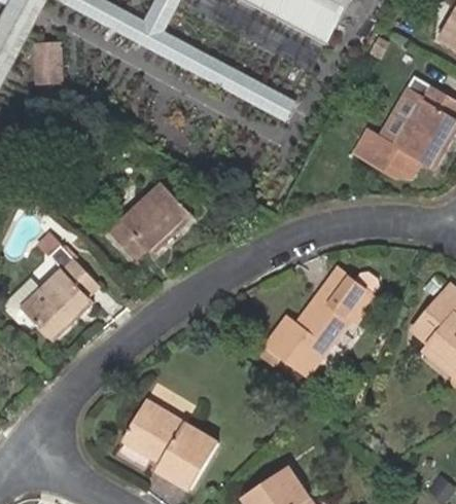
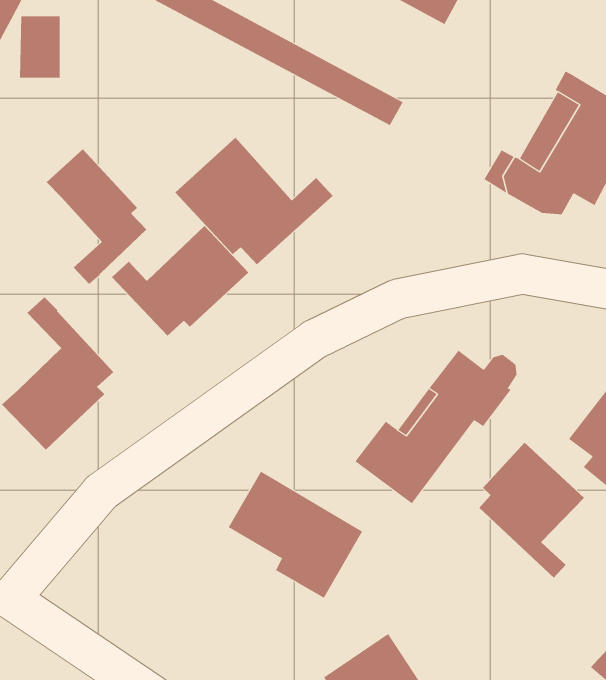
building: none -> [175,137,334,265]
building: none -> [46,149,147,285]
building: none -> [478,442,585,579]
building: [121,401,215,490] -> [228,471,363,598]

